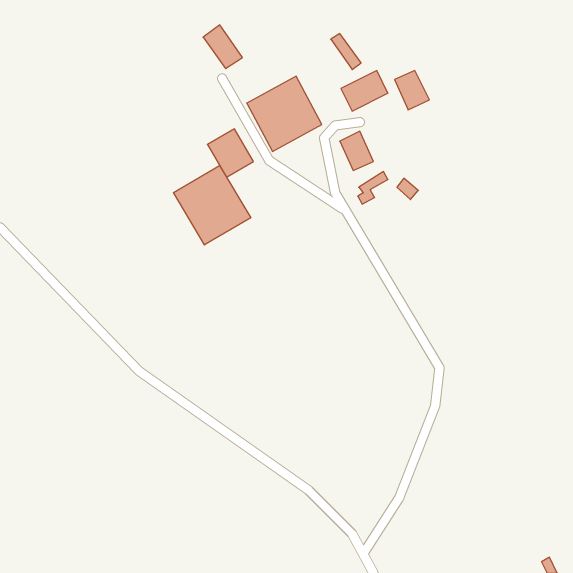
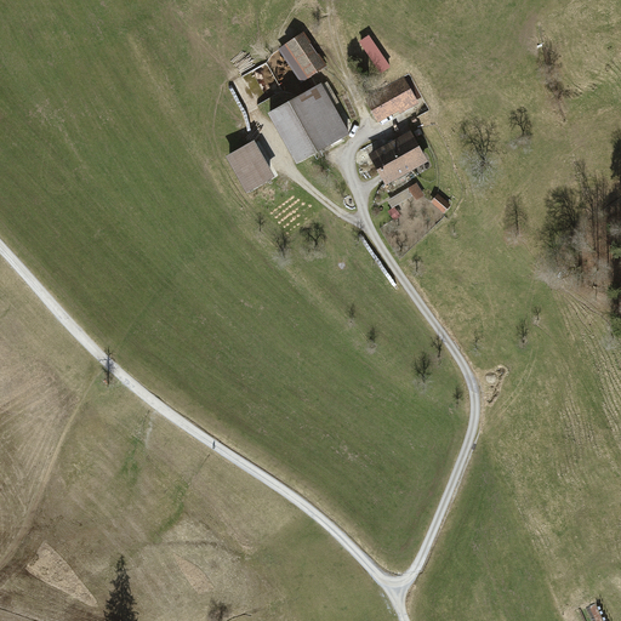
building: [203,25,242,69] -> [284,33,326,80]
building: [395,71,429,110] -> [389,132,427,175]
building: [173,166,251,245] -> none

